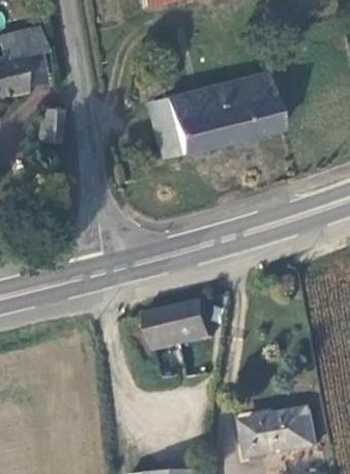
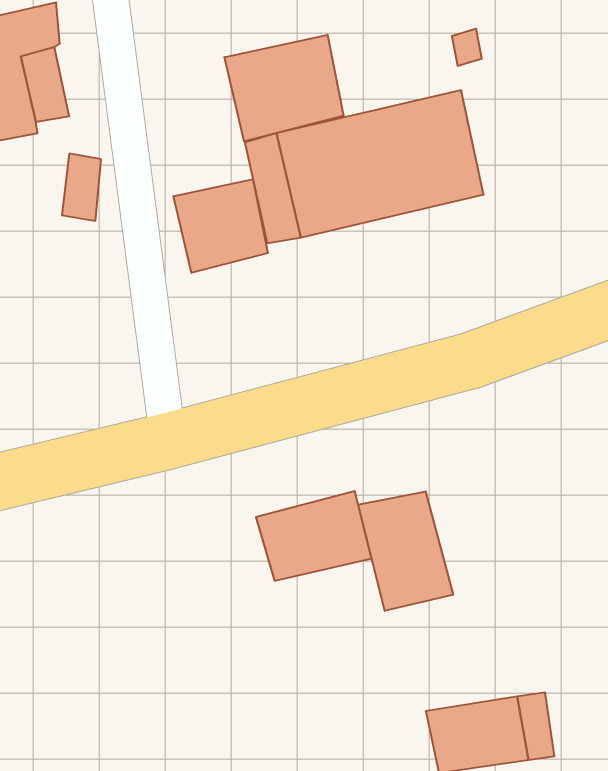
building: none -> [224,35,344,141]
building: none -> [174,179,268,273]
building: none -> [358,491,453,611]

